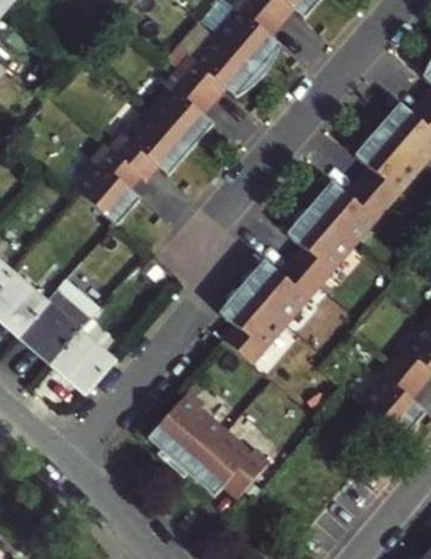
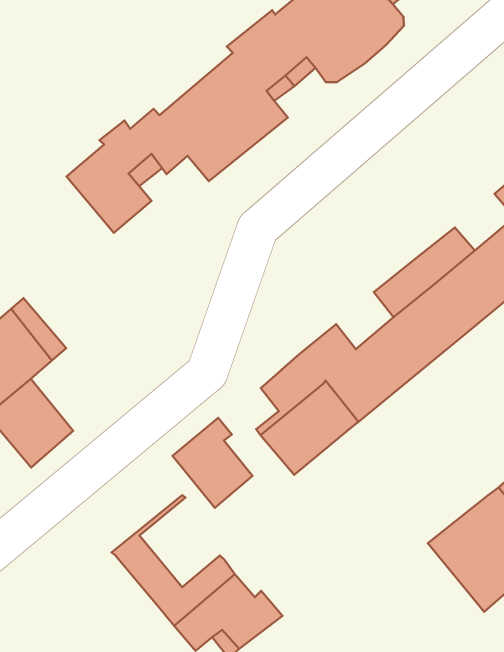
building: [163,391,219,451] -> [172,418,252,508]

